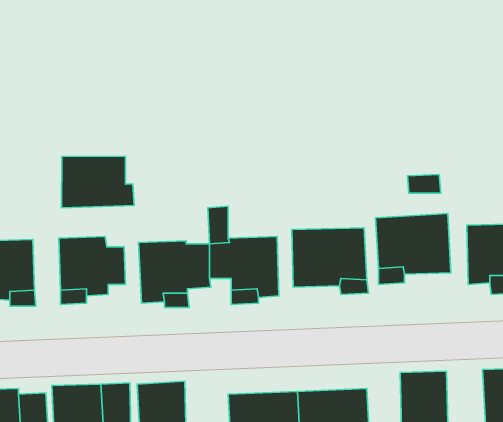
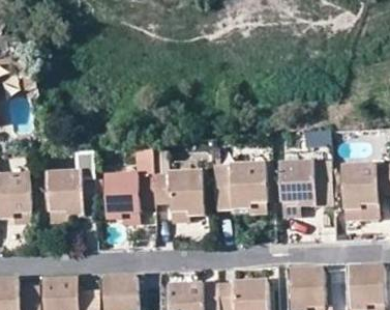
building: [61,156,134,208] -> none

